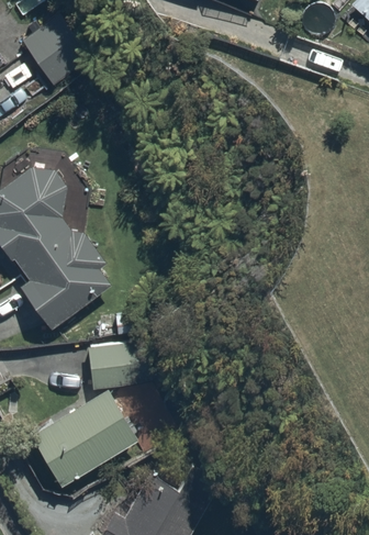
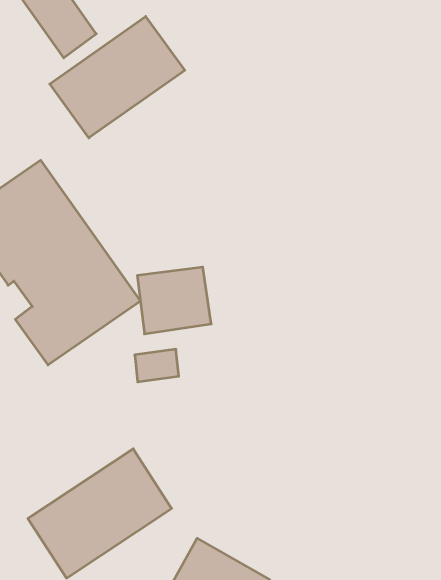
building: none -> [50,16,185,138]
building: [88,338,145,390] -> [137,267,211,334]

